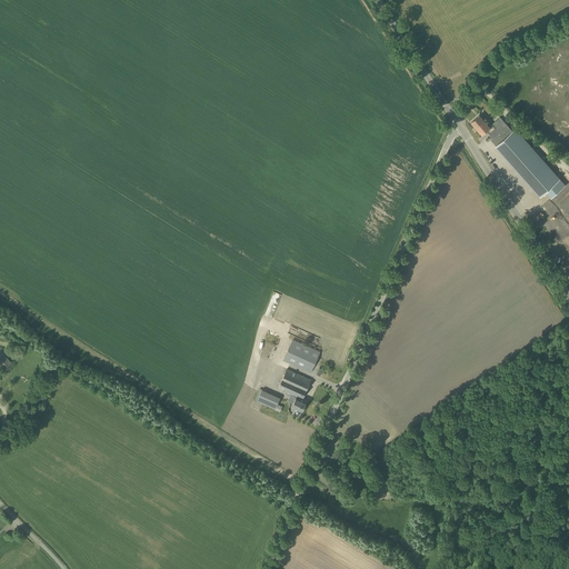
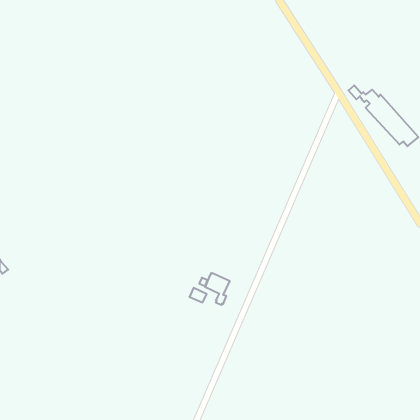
building: [282,339,319,372] -> none

